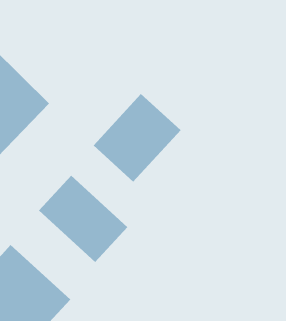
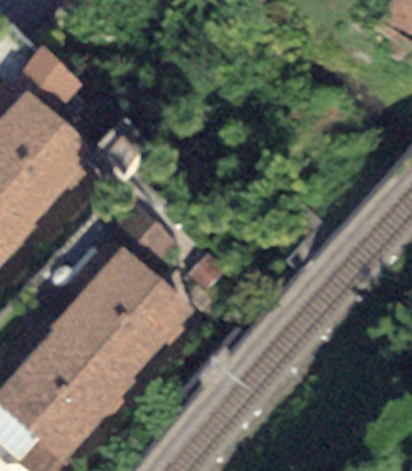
building: [93,93,181,183] -> none
building: none -> [46,290,151,400]

